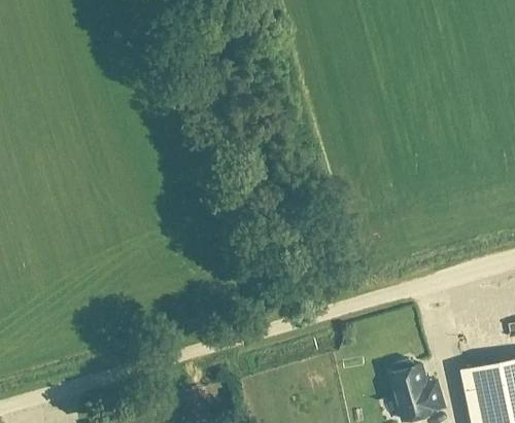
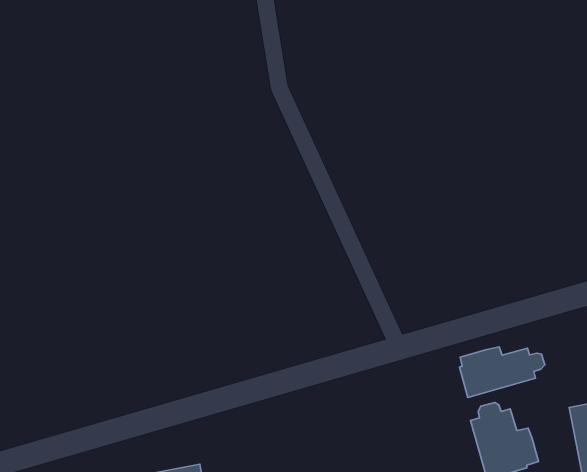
building: none -> [460,347,545,397]

